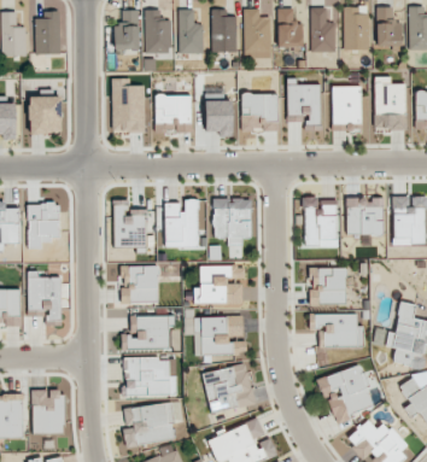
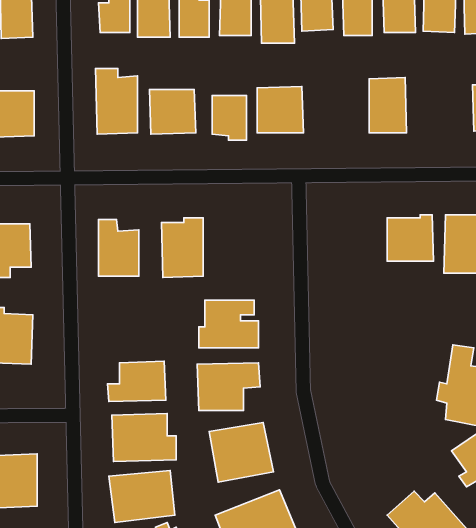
building: [374,76,405,129] -> none
building: [287,84,321,129] -> none
building: [303,197,338,247] -> none
building: [212,198,251,244] -> none
building: [123,265,158,303] -> none
building: [308,268,346,305] -> none
building: [310,314,363,347] -> none
building: [316,364,375,421] -> none

